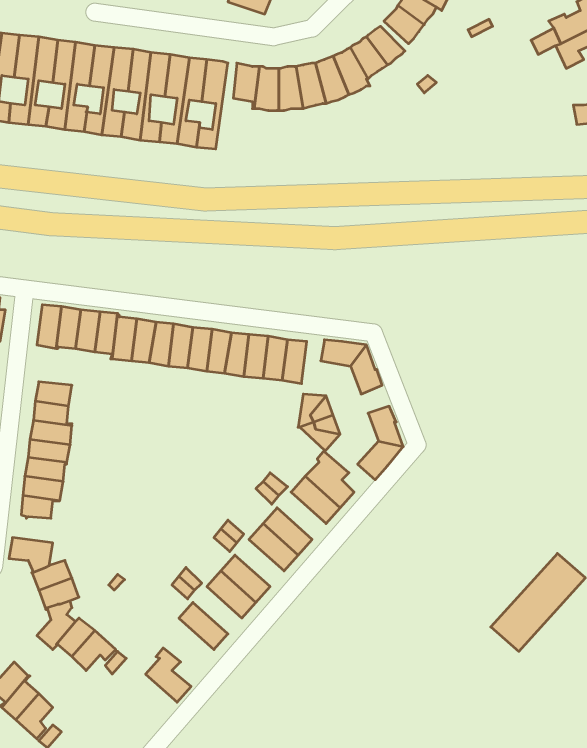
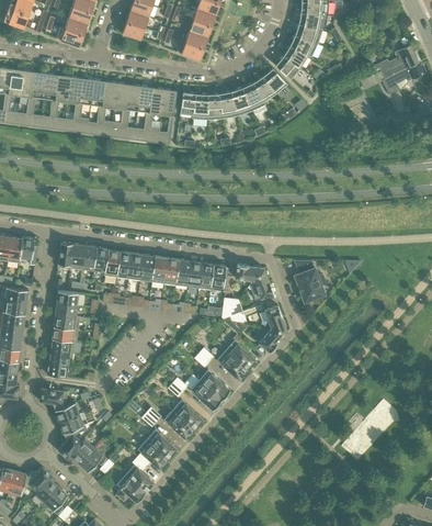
building: none -> [295,260,327,301]
building: none -> [137,438,169,468]
building: none -> [116,473,146,501]

